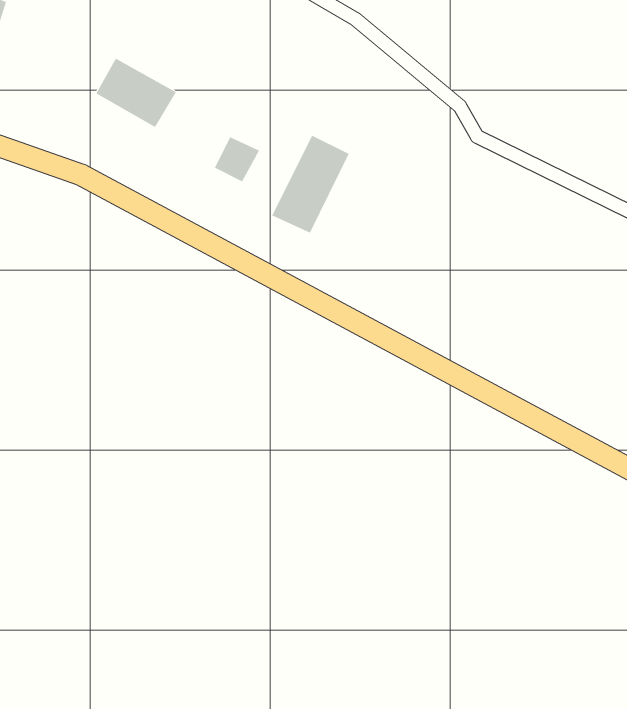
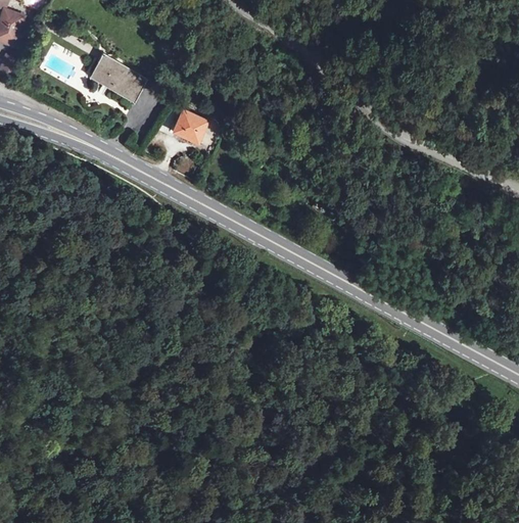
building: [271,135,350,233] -> none

